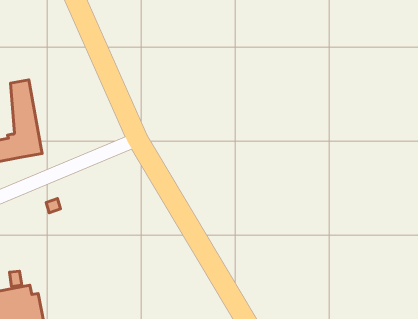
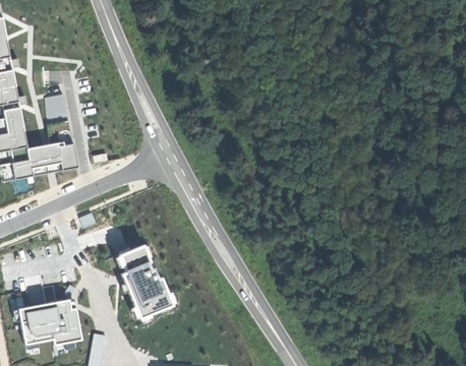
building: none -> [117,244,171,315]

